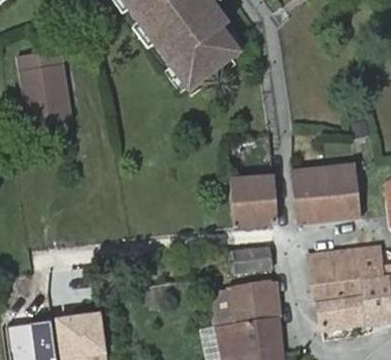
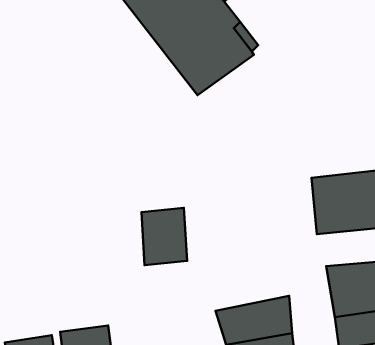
building: [18,46,71,123] -> none
building: [231,172,274,227] -> [141,208,187,265]
building: [229,245,272,270] -> none

